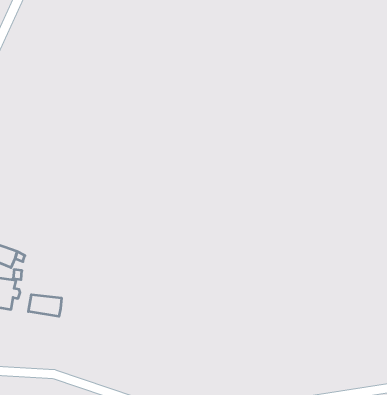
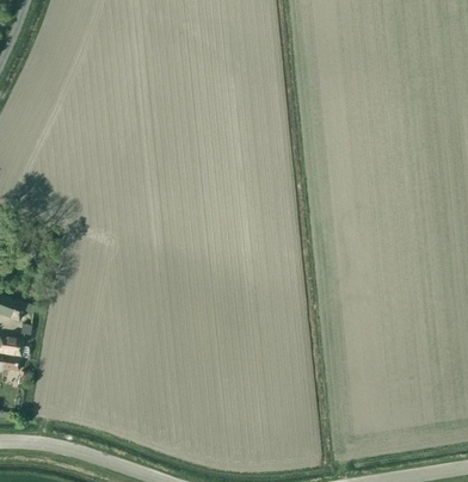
building: [28,295,61,316] -> none

